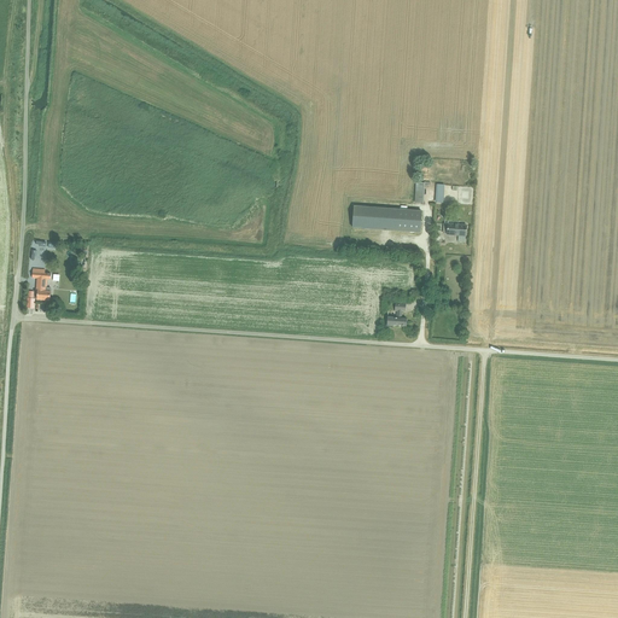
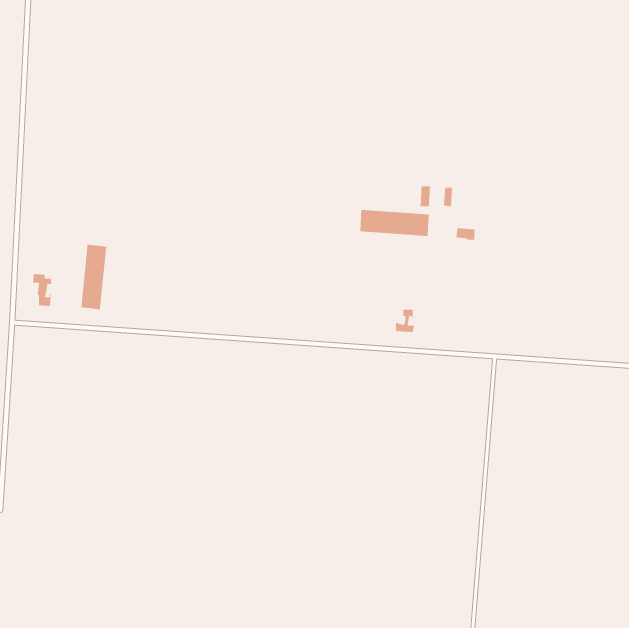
building: none -> [81,244,107,310]

